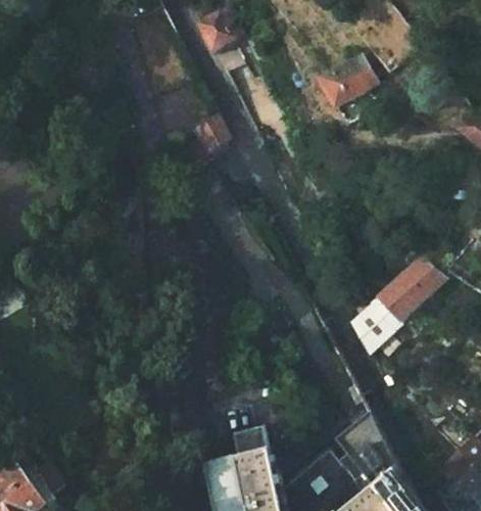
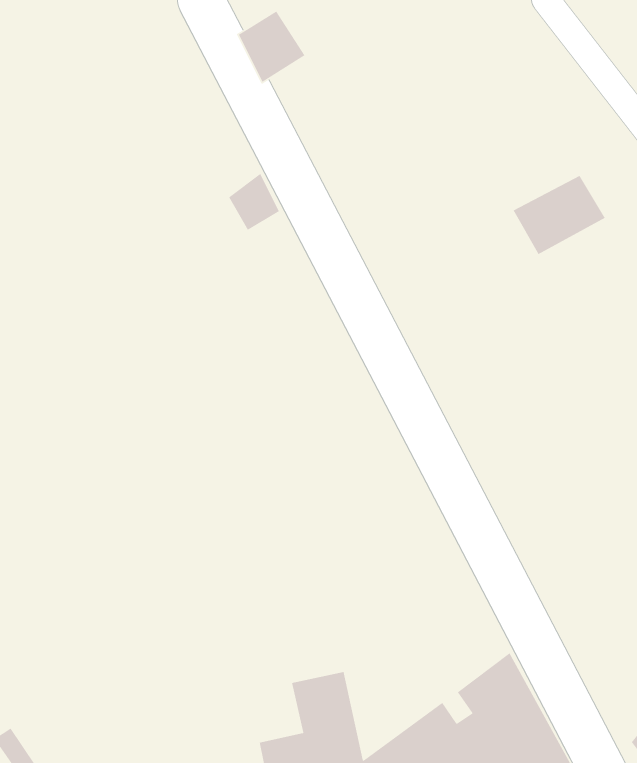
building: [320,56,379,107] -> [512,175,606,255]
building: [352,260,445,359] -> none

